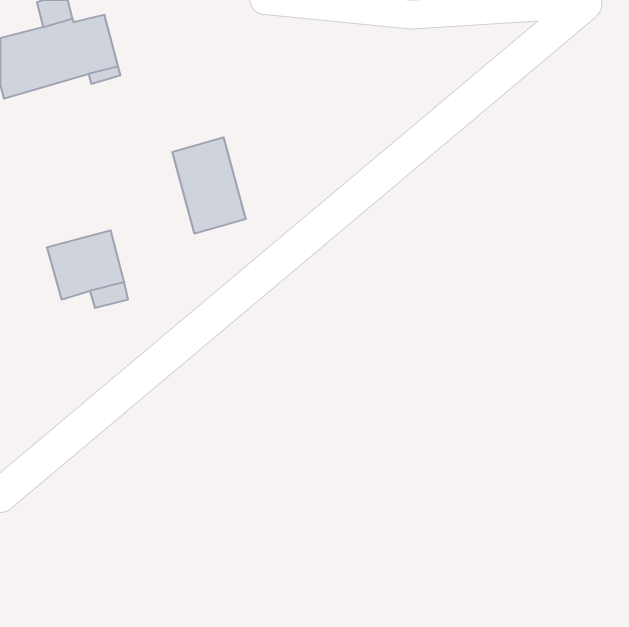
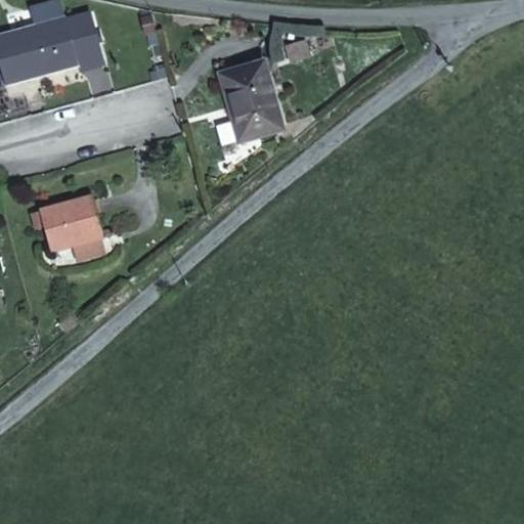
building: [172,137,246,233] -> [221,62,282,142]

